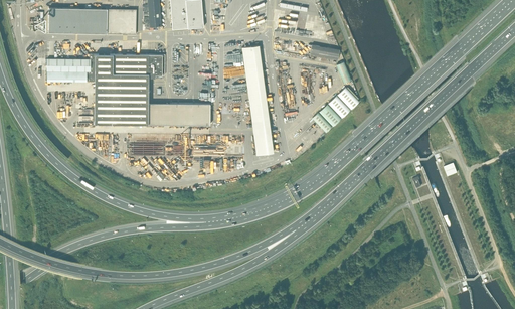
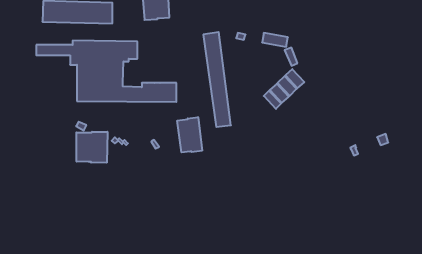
building: none -> [177,117,202,152]
building: none -> [76,132,107,163]

